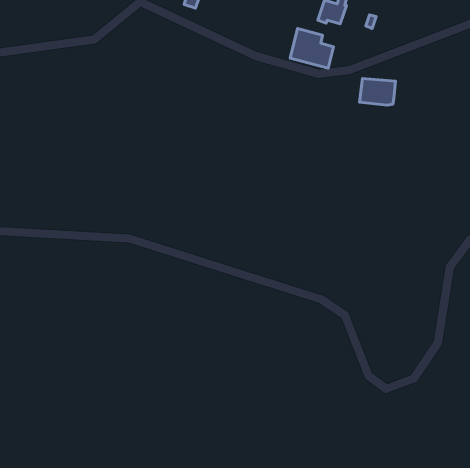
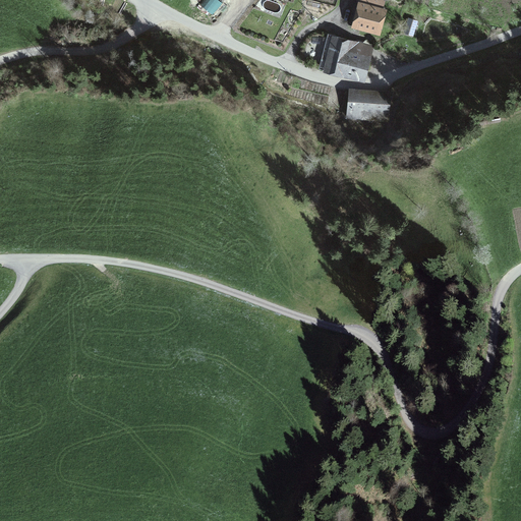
building: [360,78,396,105] -> [348,89,388,118]

